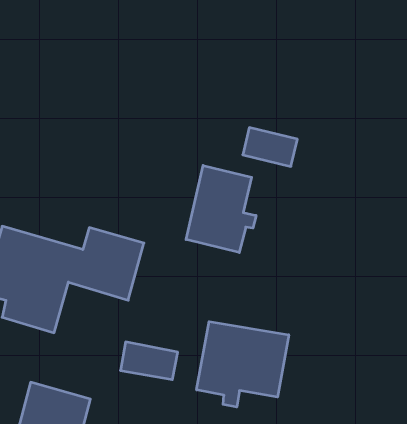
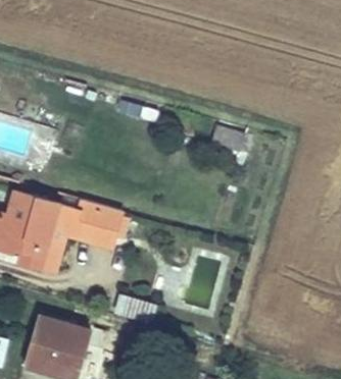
building: [186,165,256,253] -> none
building: [197,322,289,407] -> none

